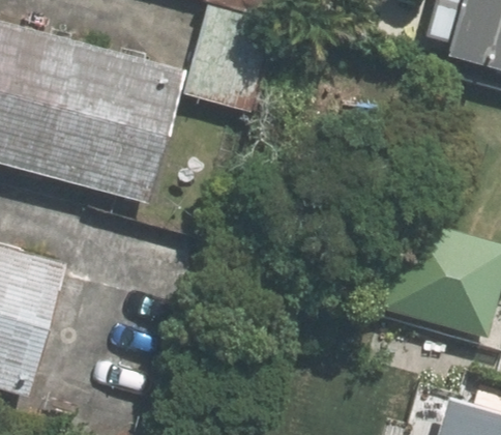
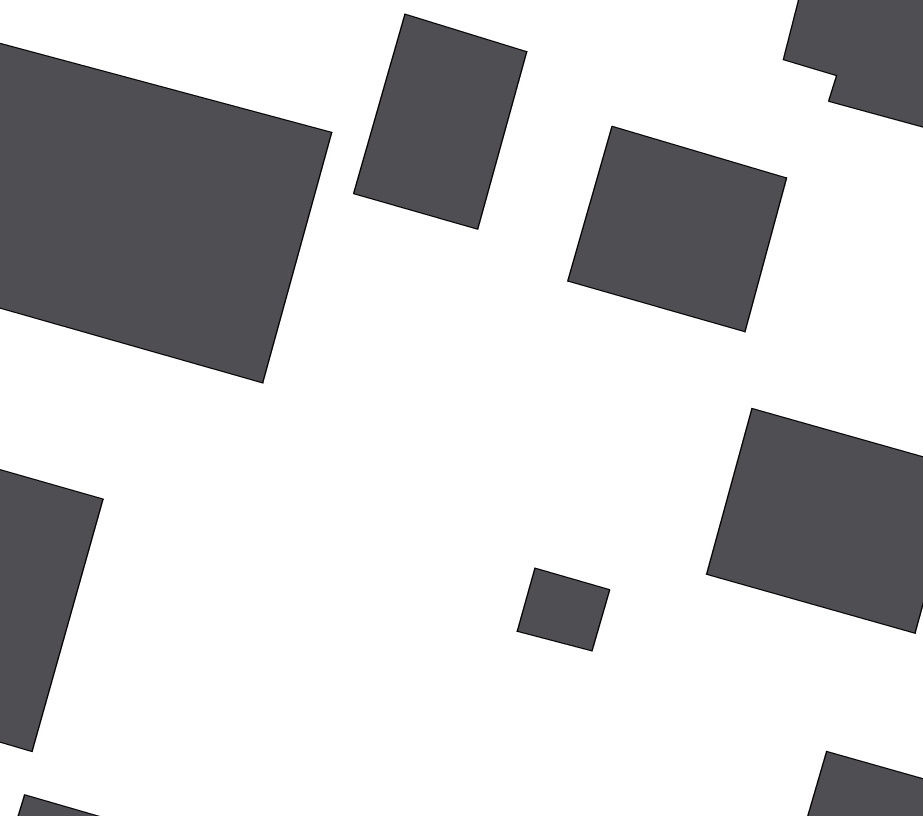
building: none -> [568,126,786,332]

